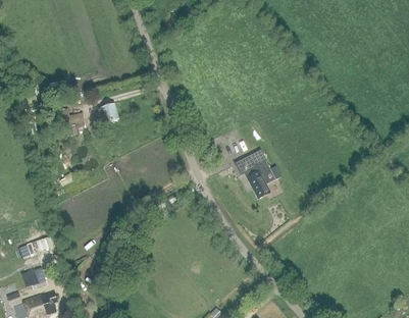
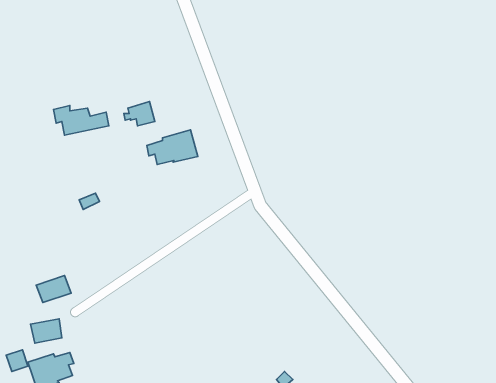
building: none -> [147,130,198,164]
building: [233,153,270,199] -> none

